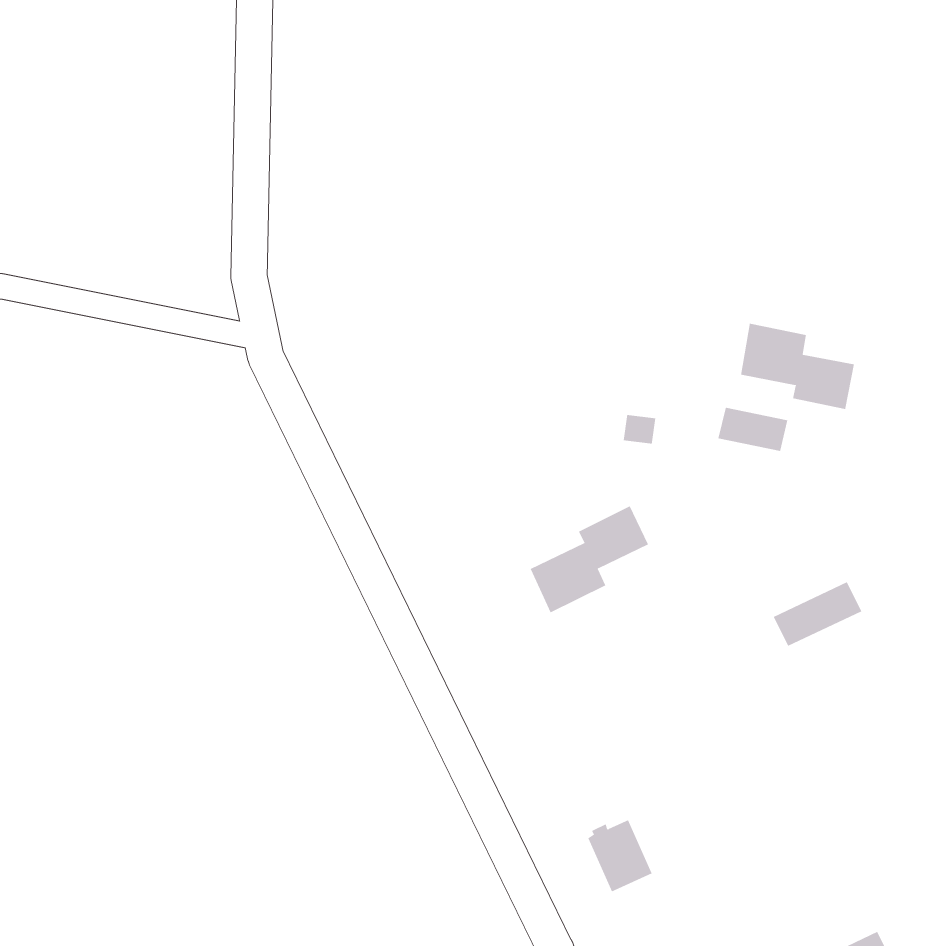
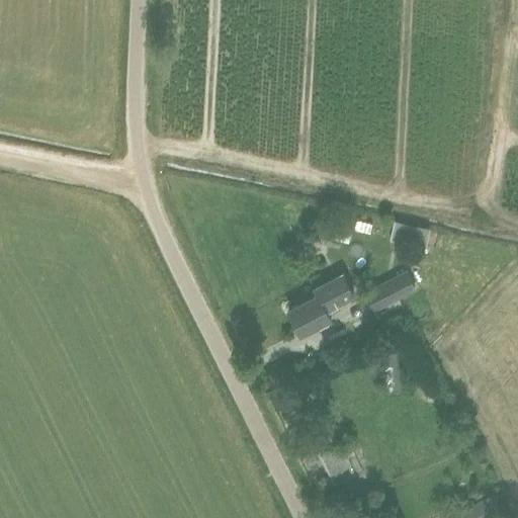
building: [740,323,854,410] -> none
building: [773,582,862,647] -> [366,277,415,313]

